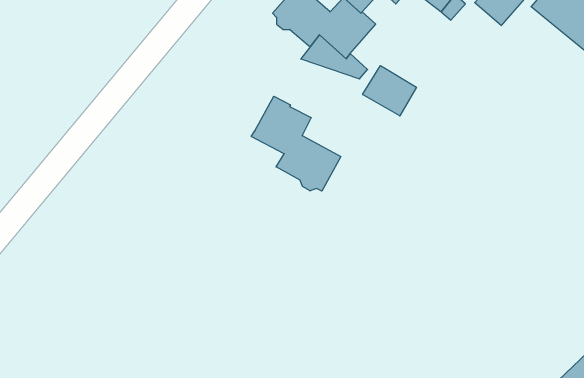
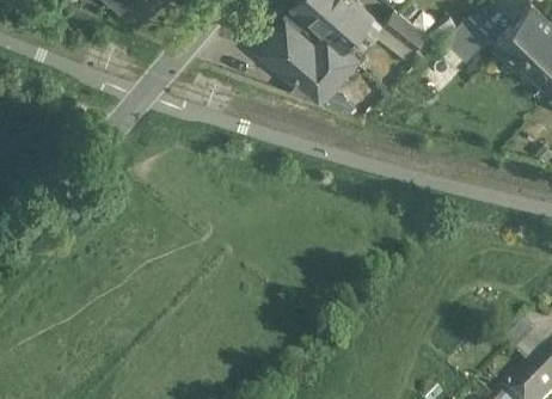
building: [363,66,416,116] -> none
building: [251,96,341,191] -> none

